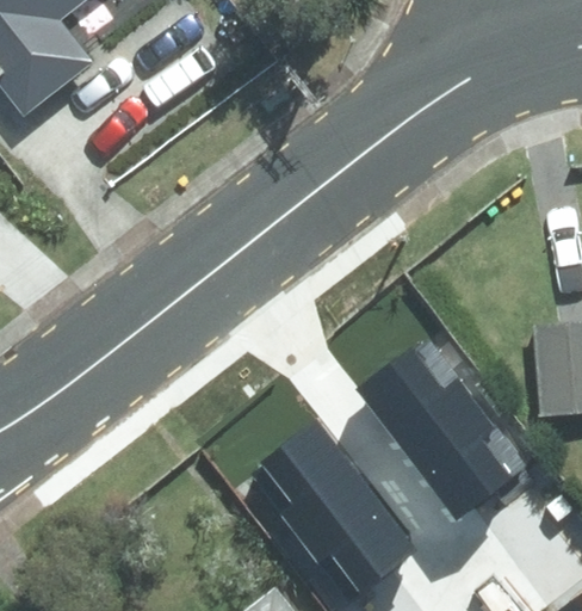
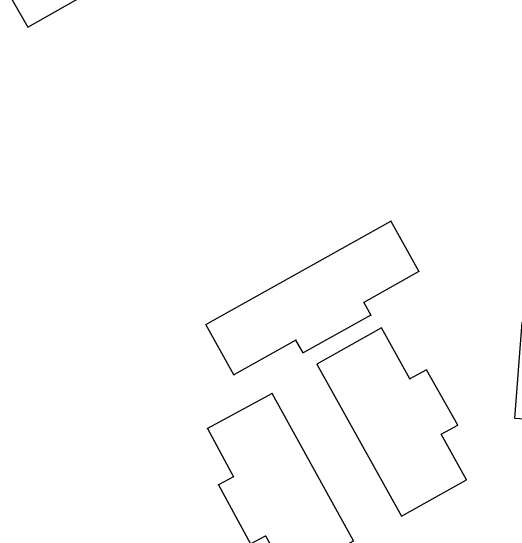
building: none -> [206,221,419,375]

